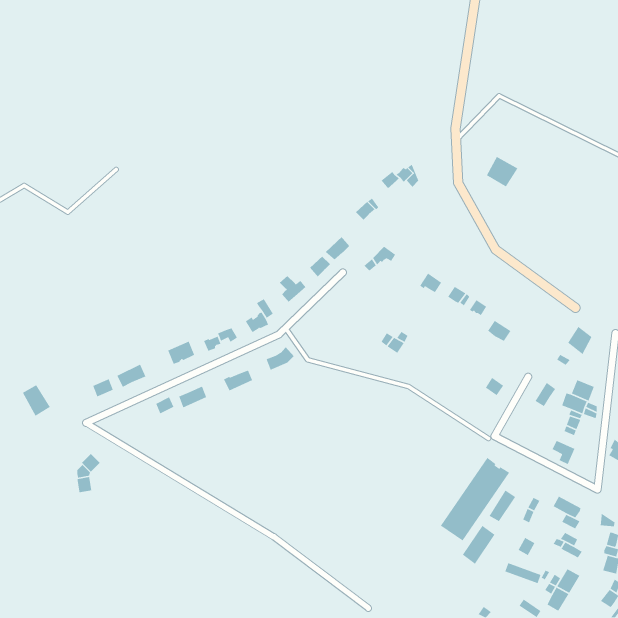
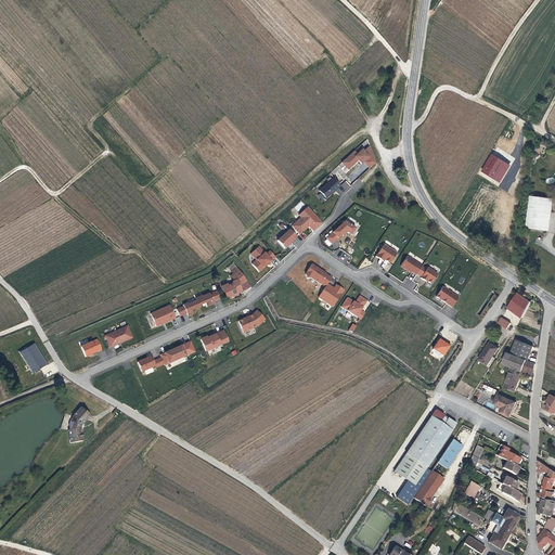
building: [486,156,518,187] -> [482,153,512,181]
building: none -> [528,196,548,231]
building: none -> [306,262,346,306]

